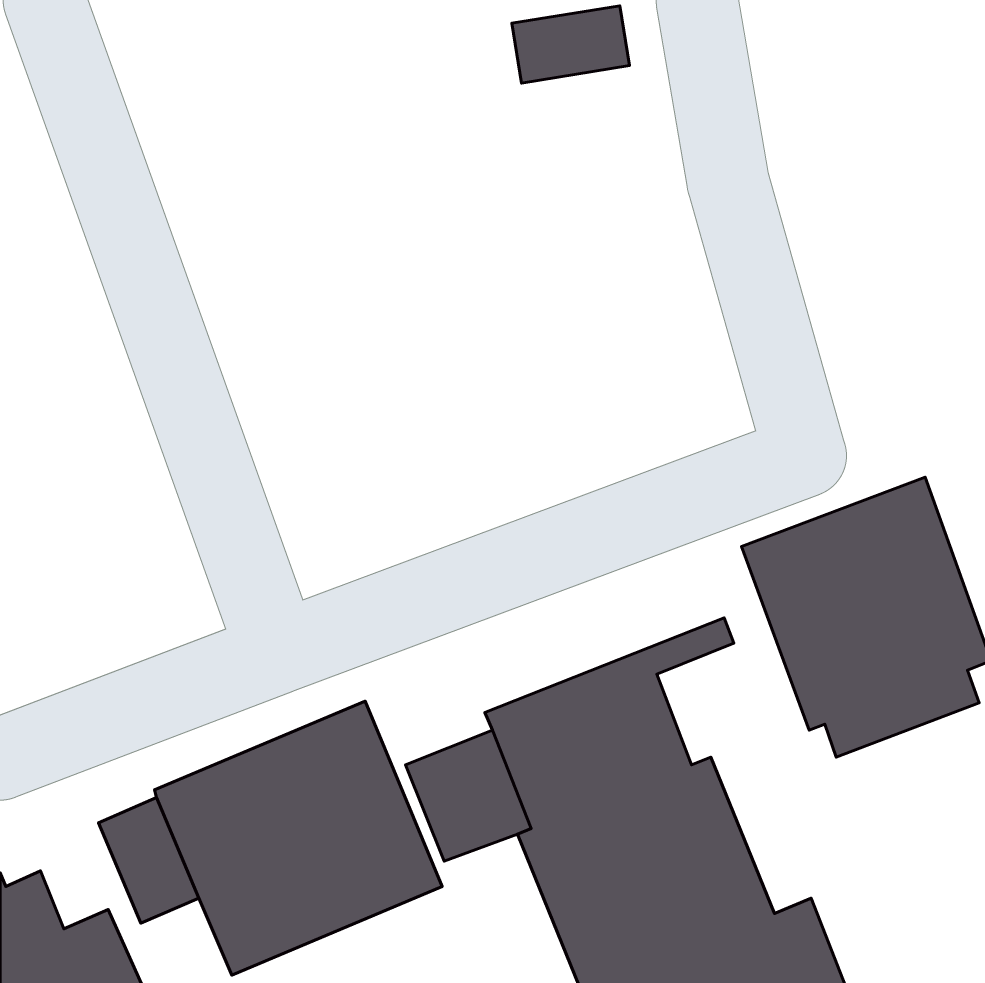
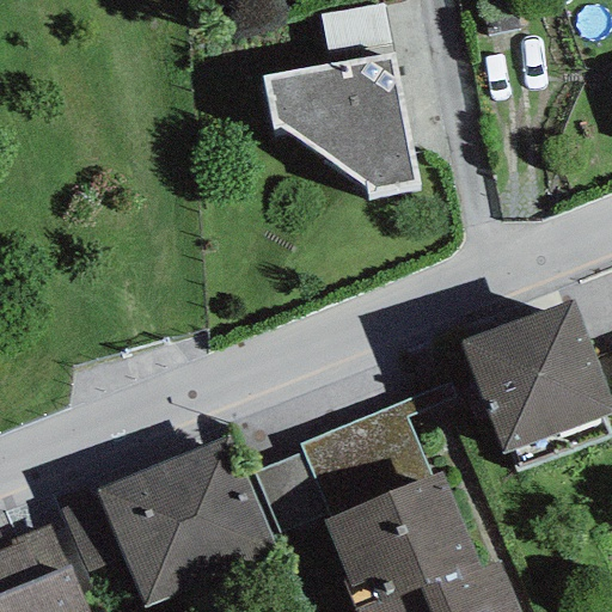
building: none -> [261,54,420,194]

